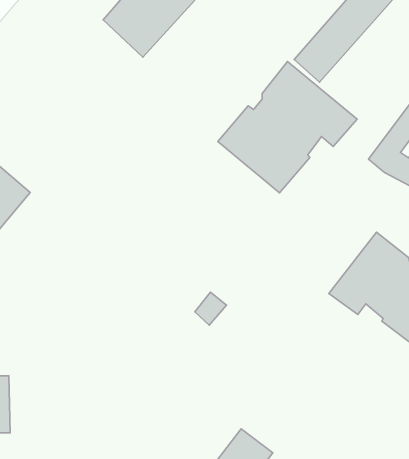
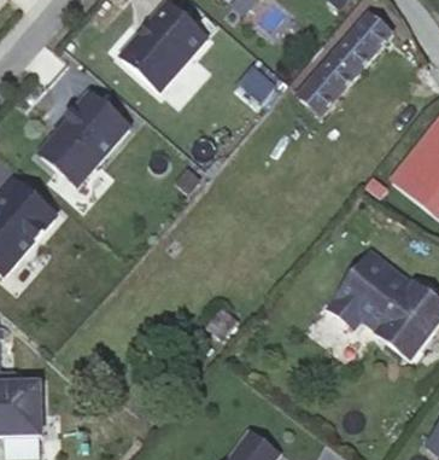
building: none -> [40,89,130,185]
building: [218,62,357,193] -> none

